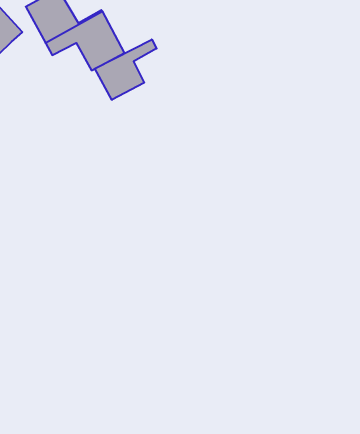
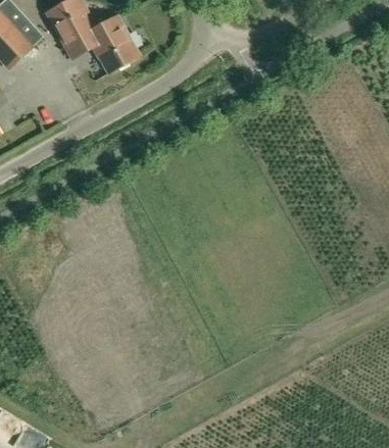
building: [95,39,157,100] -> none

